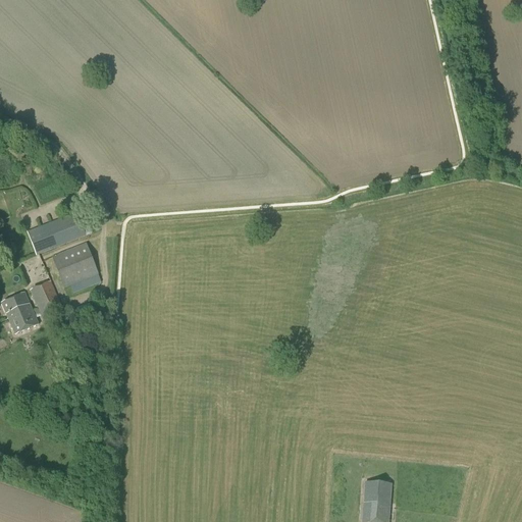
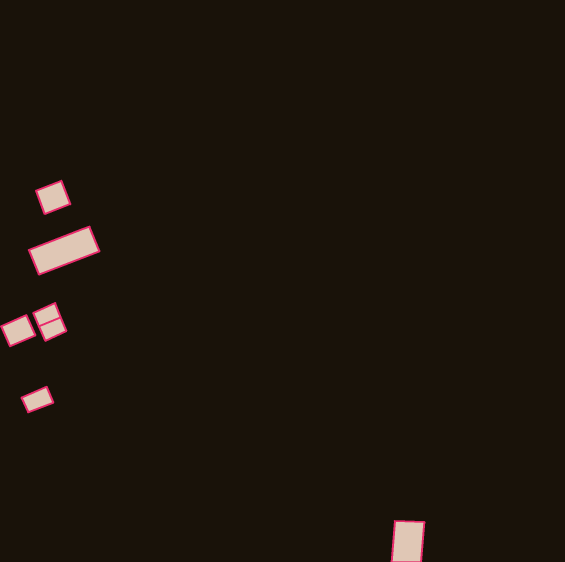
building: none -> [36,181,70,214]
building: [52,241,101,292] -> none
building: [9,309,39,332] -> [21,387,53,412]

